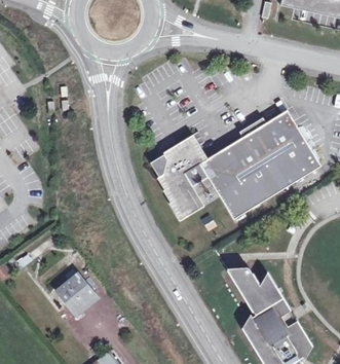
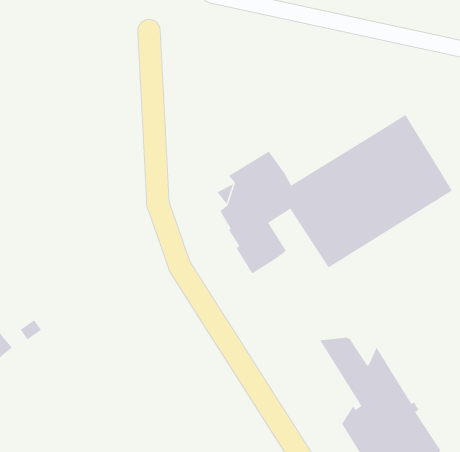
building: [58,270,96,314] -> none

